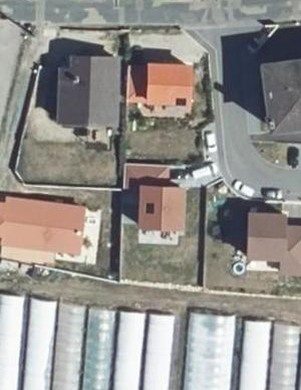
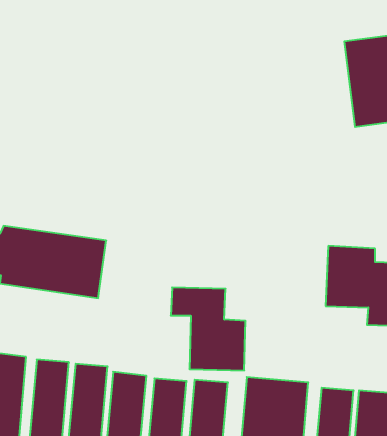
building: [60,59,115,127] -> none
building: [131,67,191,105] -> none
building: [126,167,183,229] -> [171,287,246,370]

